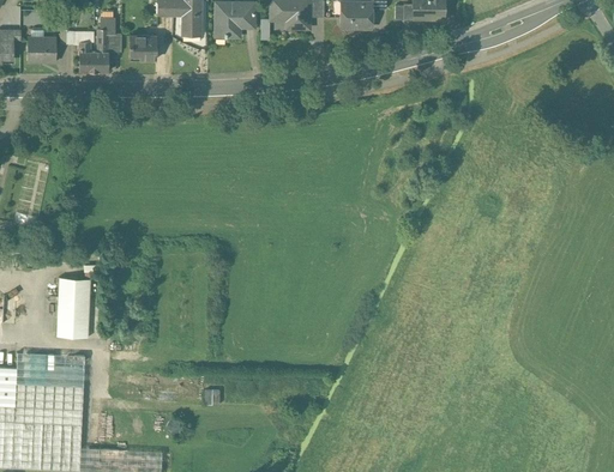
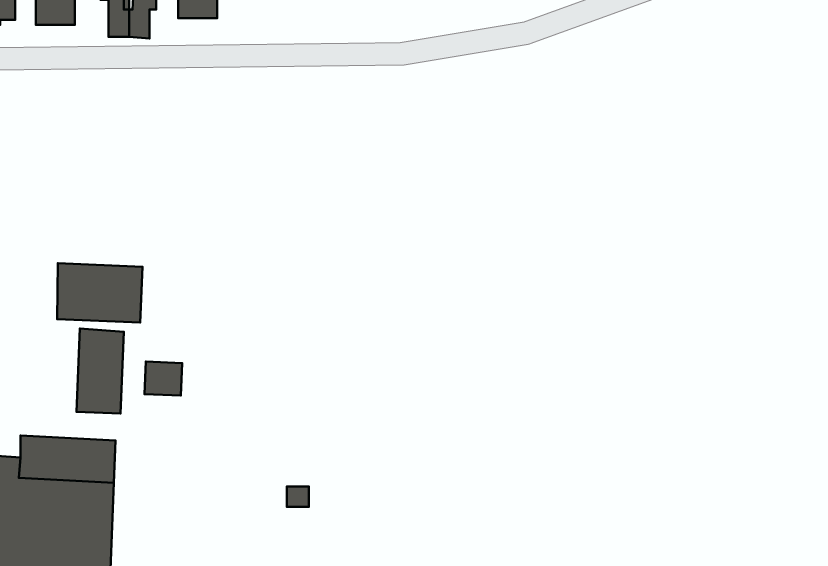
building: none -> [57,263,142,322]
building: none -> [144,362,182,396]

